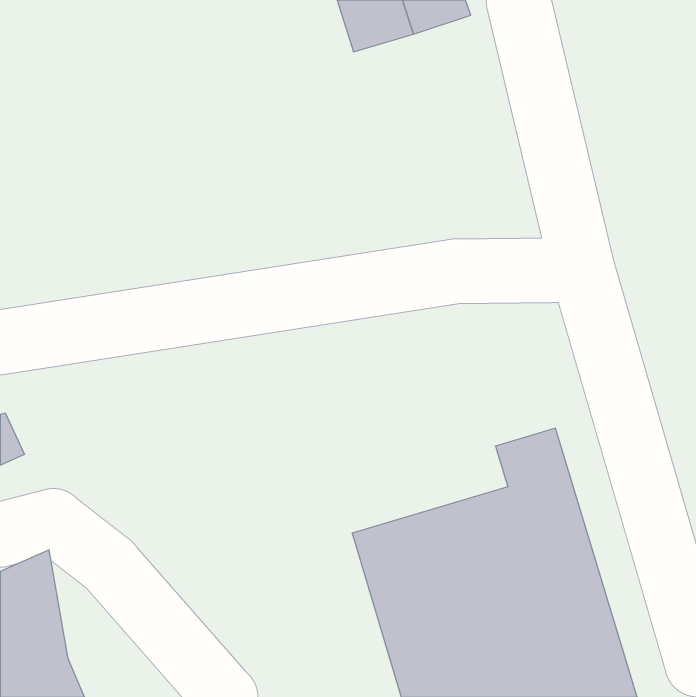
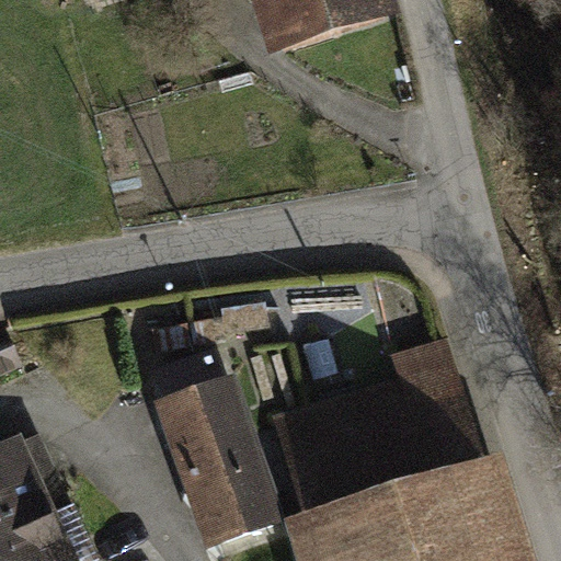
building: none -> [162,357,275,545]

